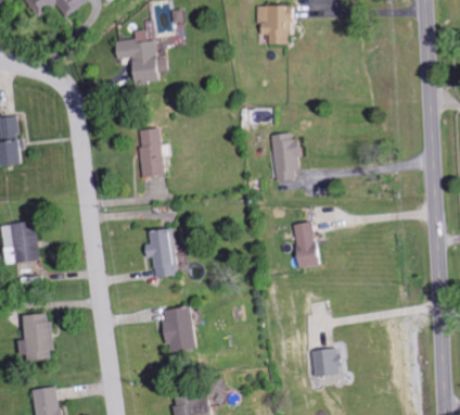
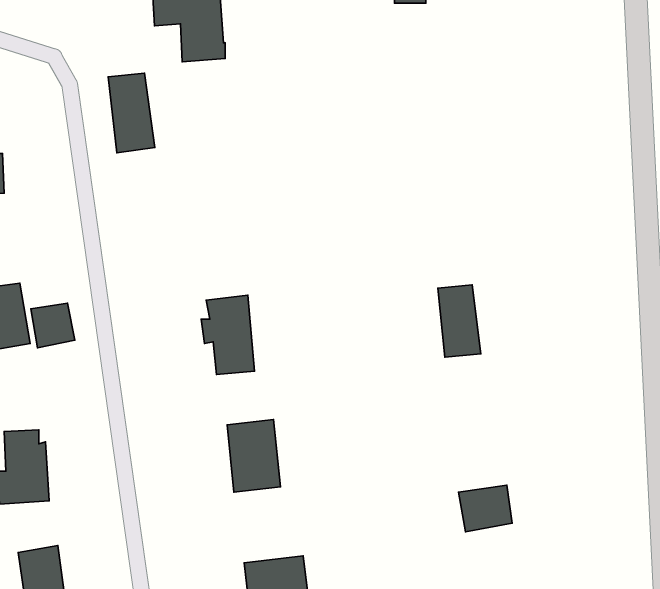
building: [137,128,166,178] -> [108,73,155,153]
building: [269,134,302,183] -> none
building: none -> [31,303,75,348]

